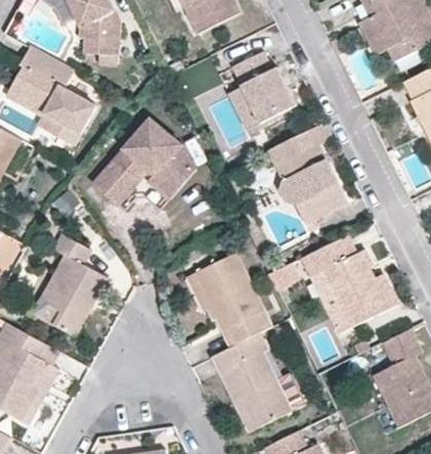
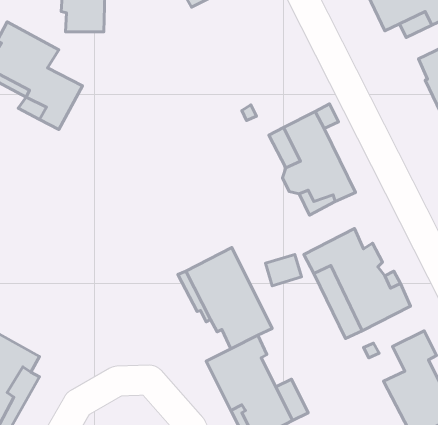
building: [230,50,295,124] -> none
building: [93,118,193,203] -> none
building: [47,234,106,336] -> none

